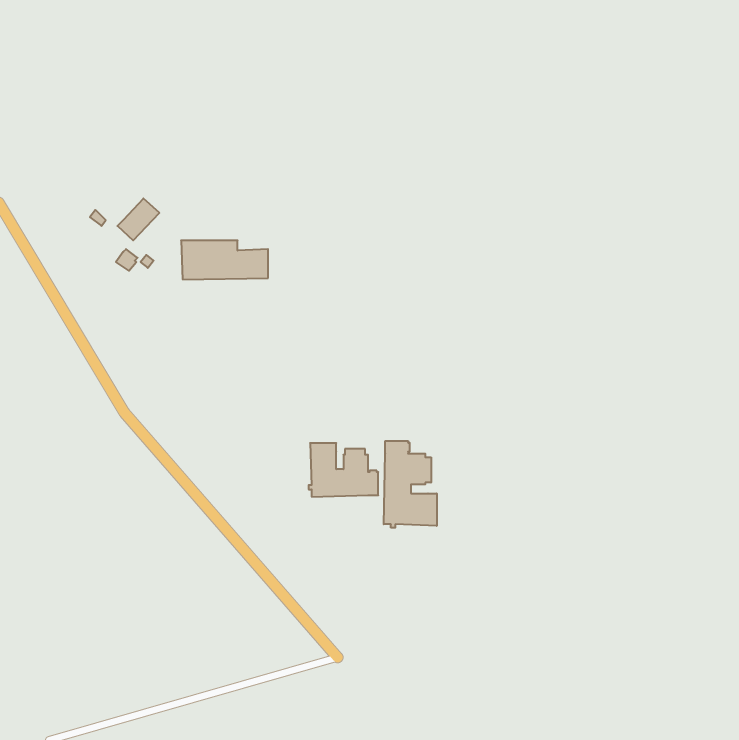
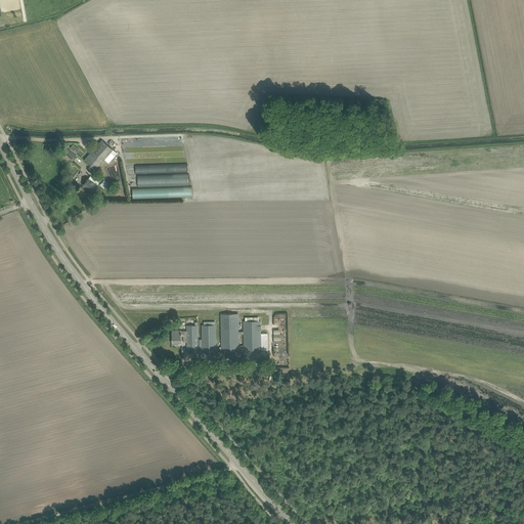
building: [384,441,437,528] -> none
building: none -> [170,321,215,351]

